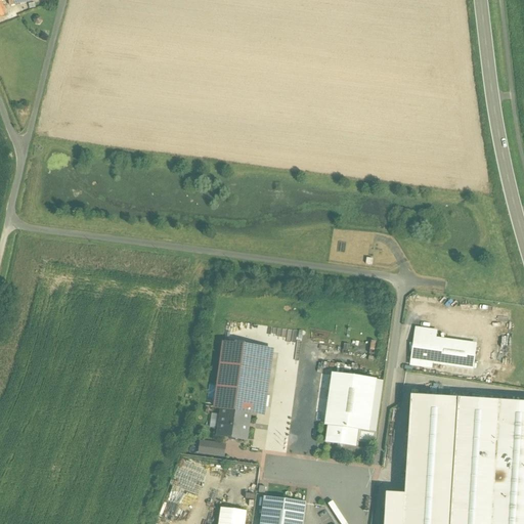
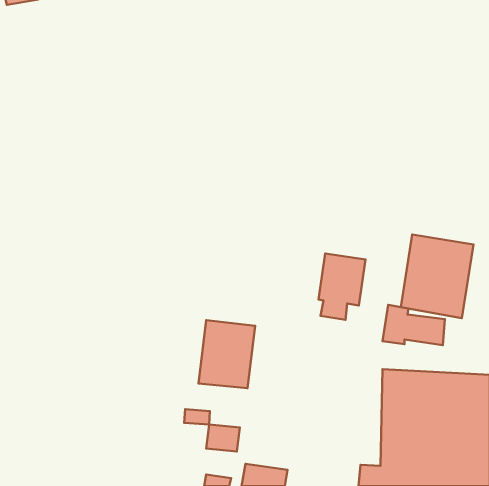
building: none -> [401,234,474,318]
building: [326,373,377,443] -> [319,254,366,320]
building: [215,411,251,440] -> [206,425,240,451]

